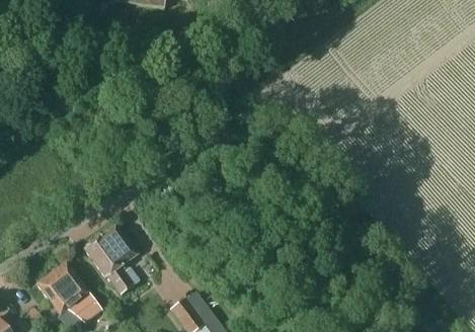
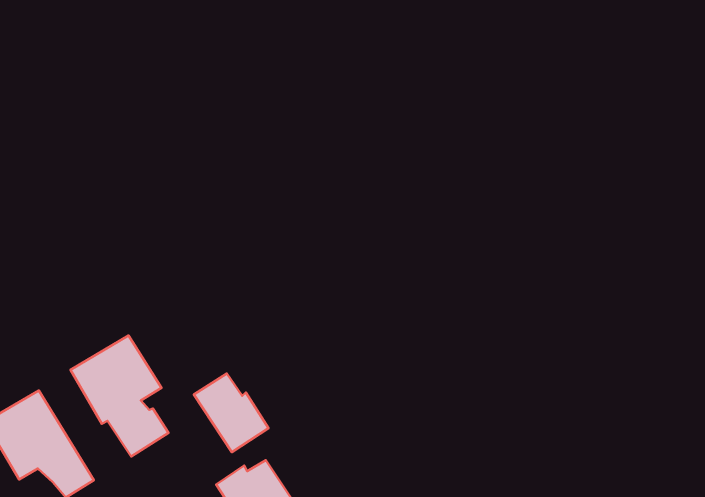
building: none -> [194,374,268,452]

